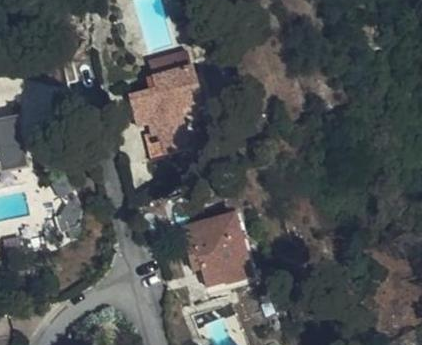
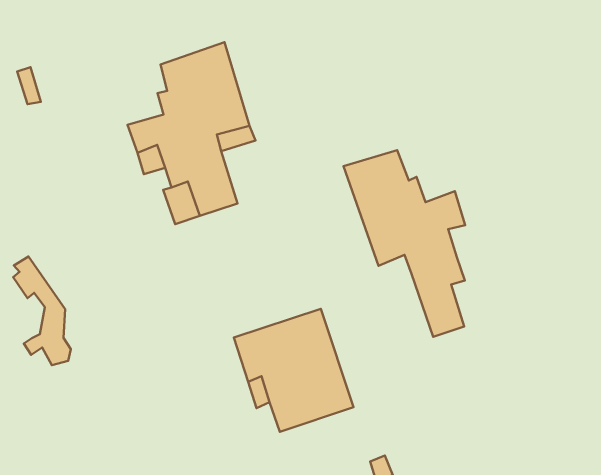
building: none -> [343,150,465,337]

